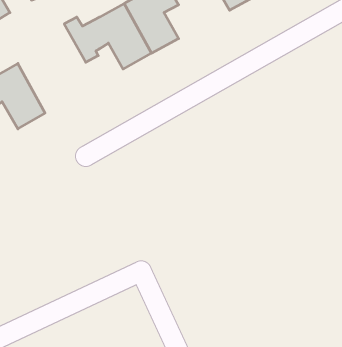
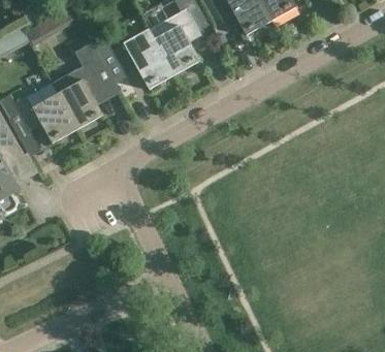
building: none -> [53,41,120,129]

